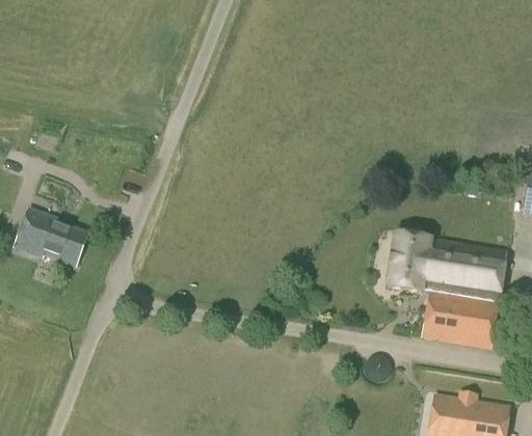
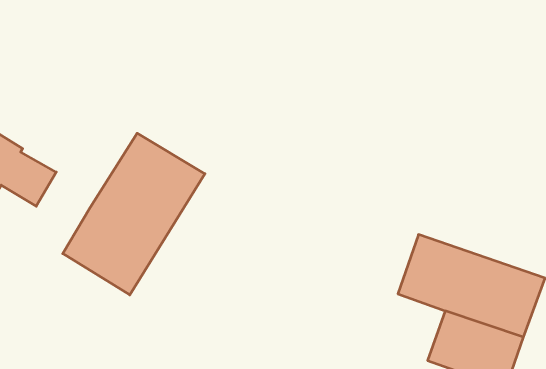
building: none -> [63,133,205,295]

